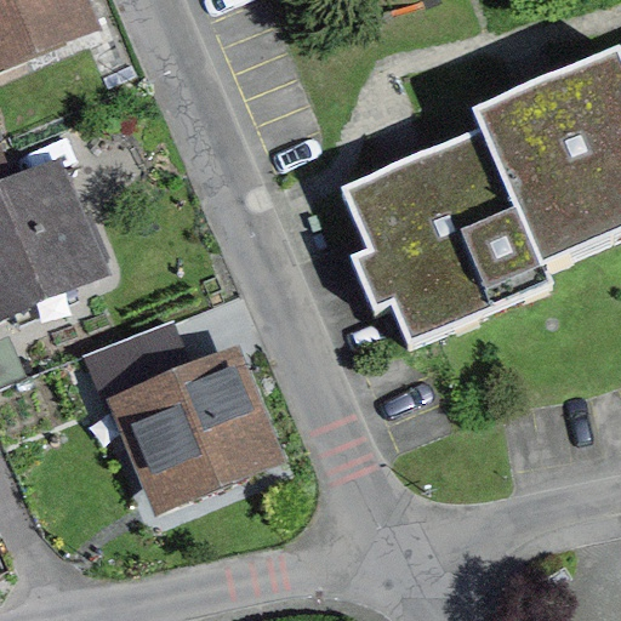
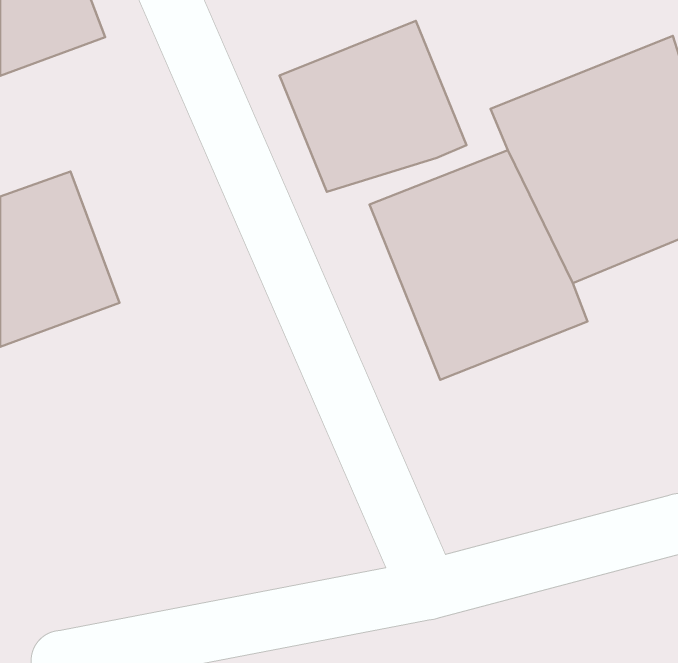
building: none -> [279,21,466,192]
building: [104,348,275,514] -> none

